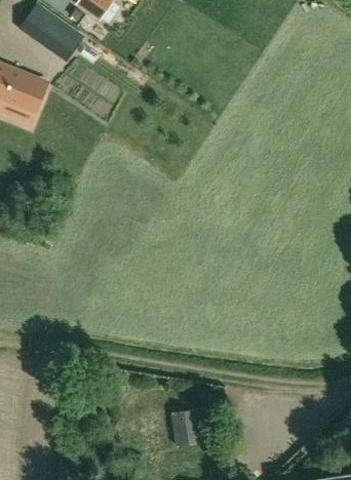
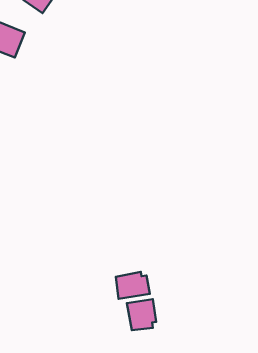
building: none -> [116,272,150,299]

